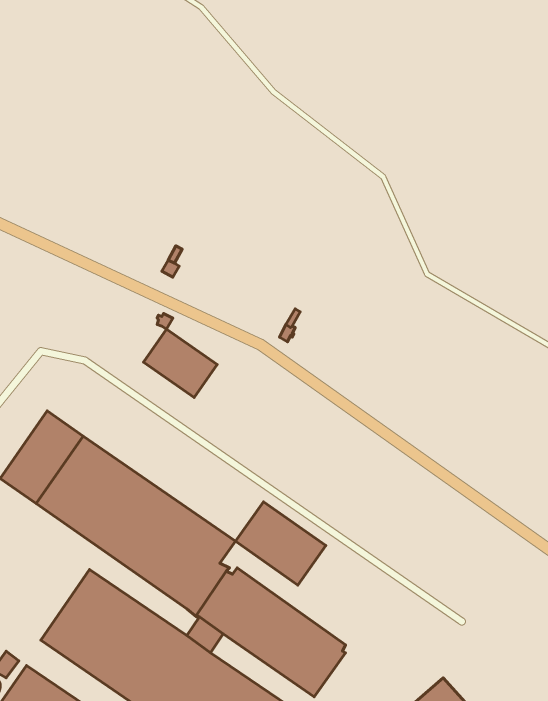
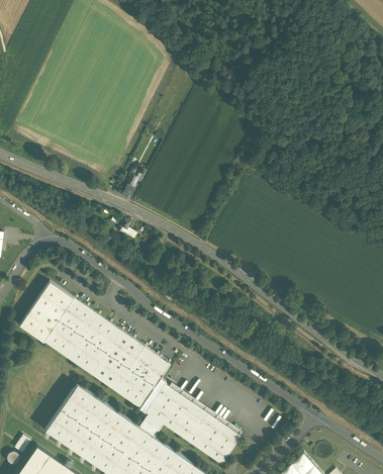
building: [144,329,217,397] -> none
building: [236,502,326,585] -> none

